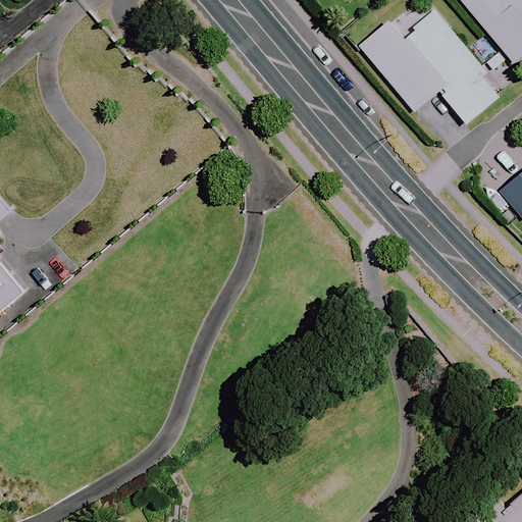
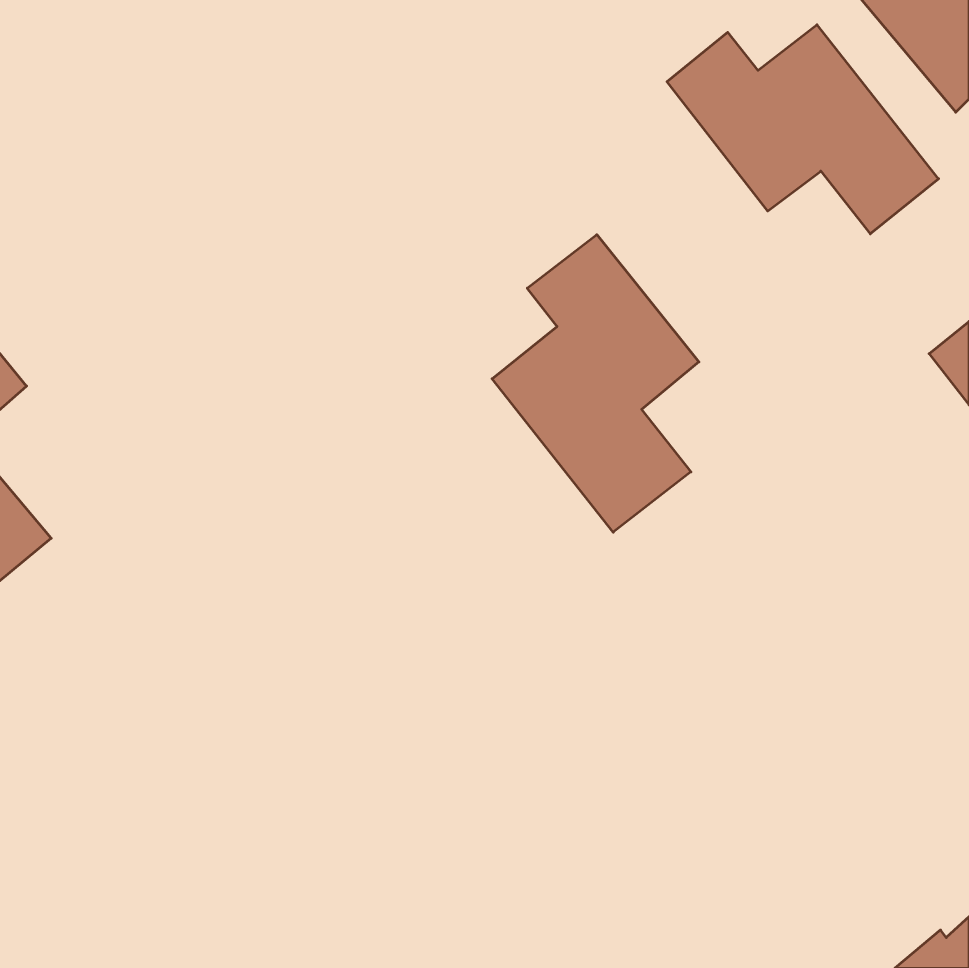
building: none -> [492,235,699,532]

